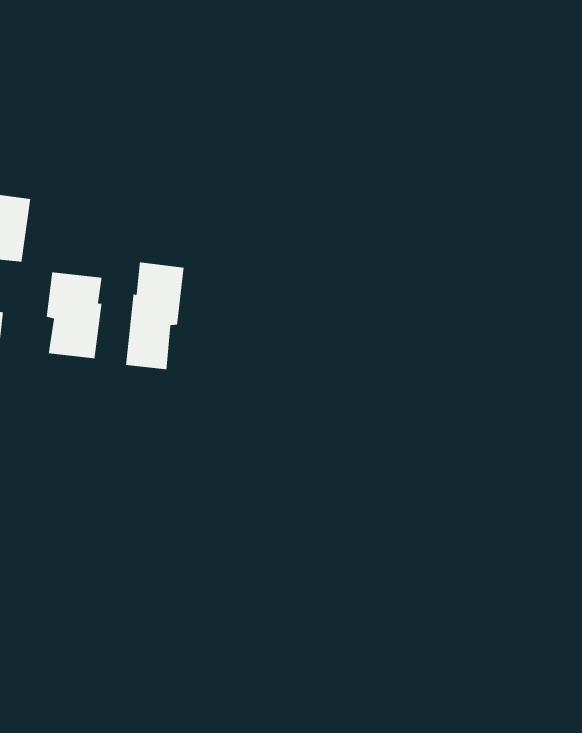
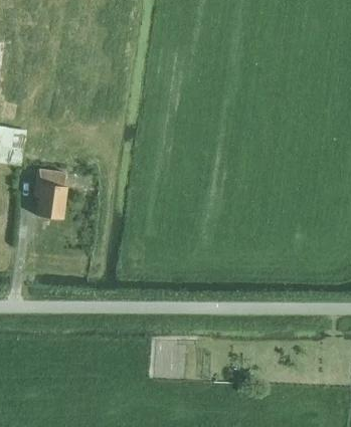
building: [125,261,184,370] -> none

